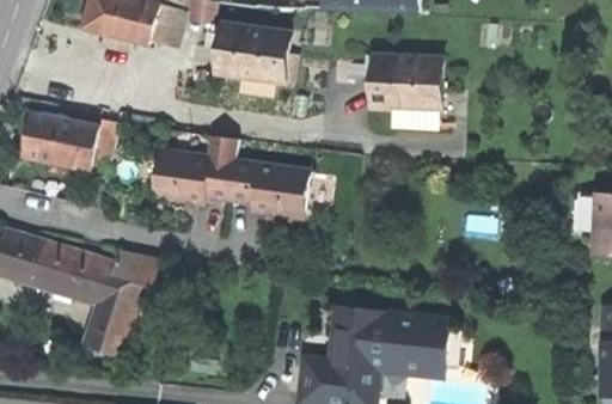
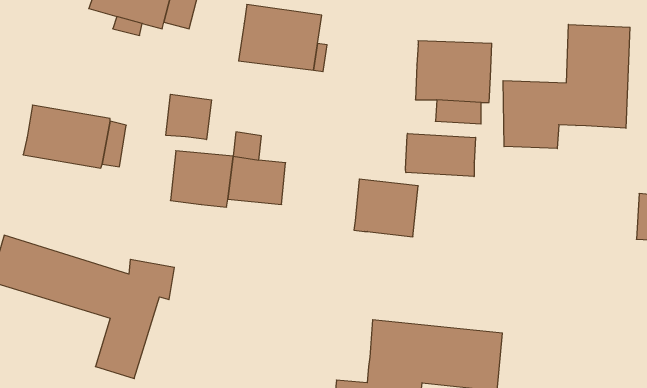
building: none -> [503,24,630,149]
building: none -> [166,94,212,140]
building: none -> [406,133,476,177]
building: [251,164,308,215] -> [354,179,418,237]

